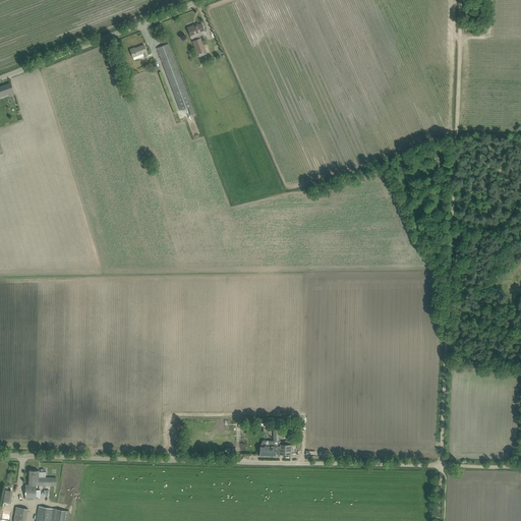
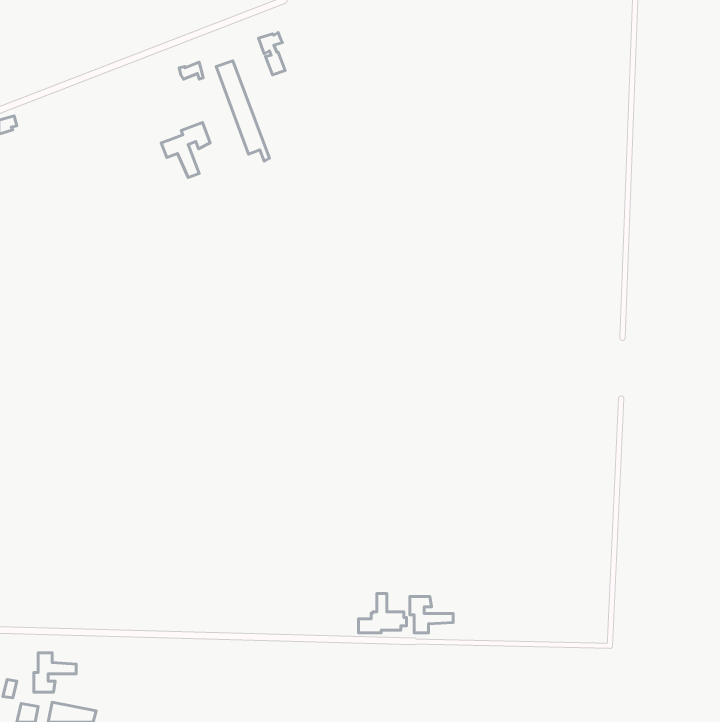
building: none -> [161,122,210,177]
building: none -> [410,597,453,633]

